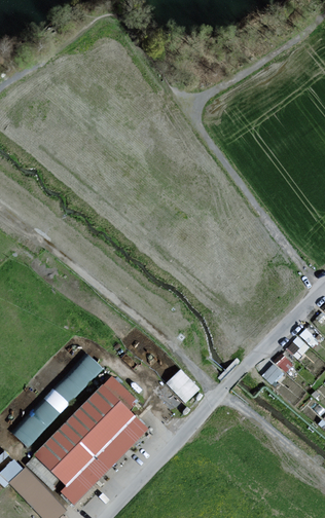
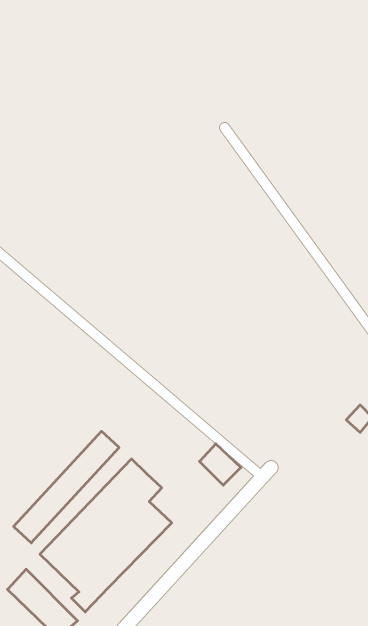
building: [262,354,292,384] -> none

